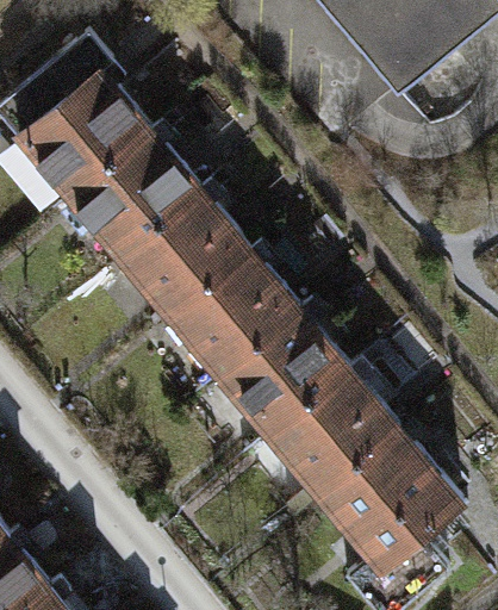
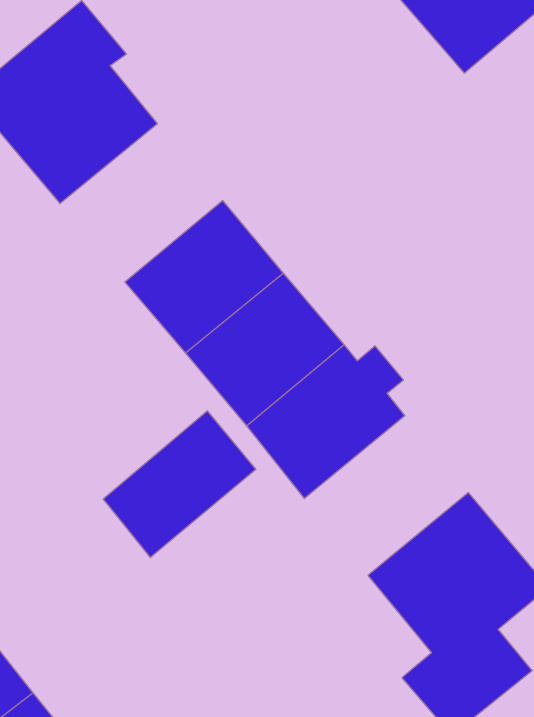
building: [70,130,201,257] -> none
building: [267,355,399,493] -> none
building: none -> [103,411,256,558]

